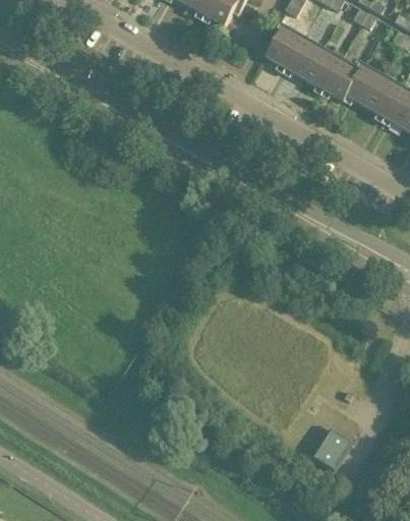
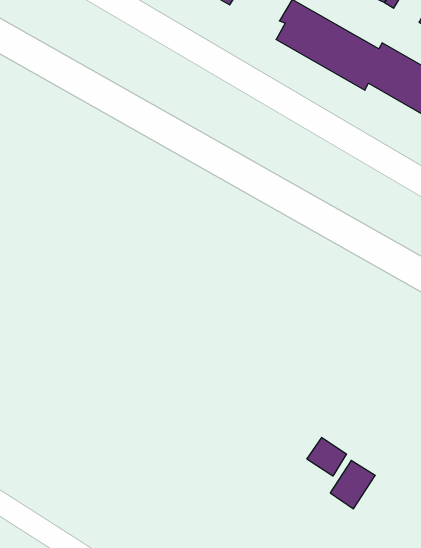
building: none -> [307,437,346,476]

